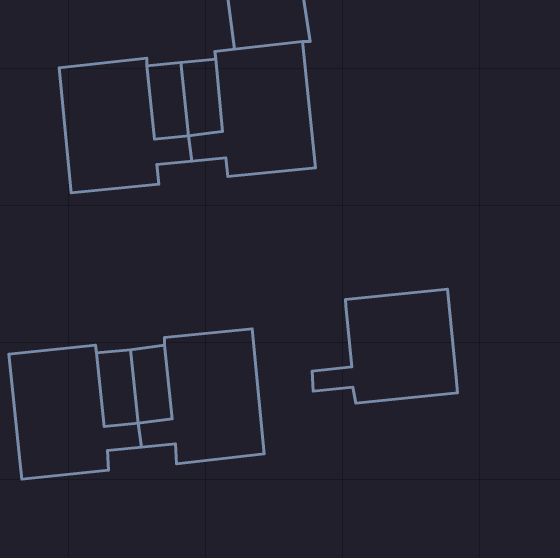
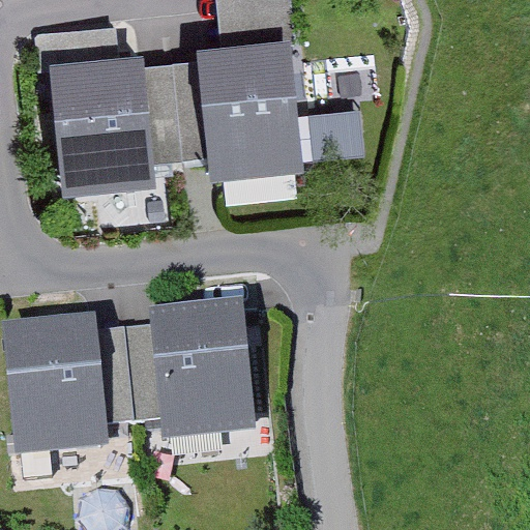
building: [312,289,457,403] -> none

